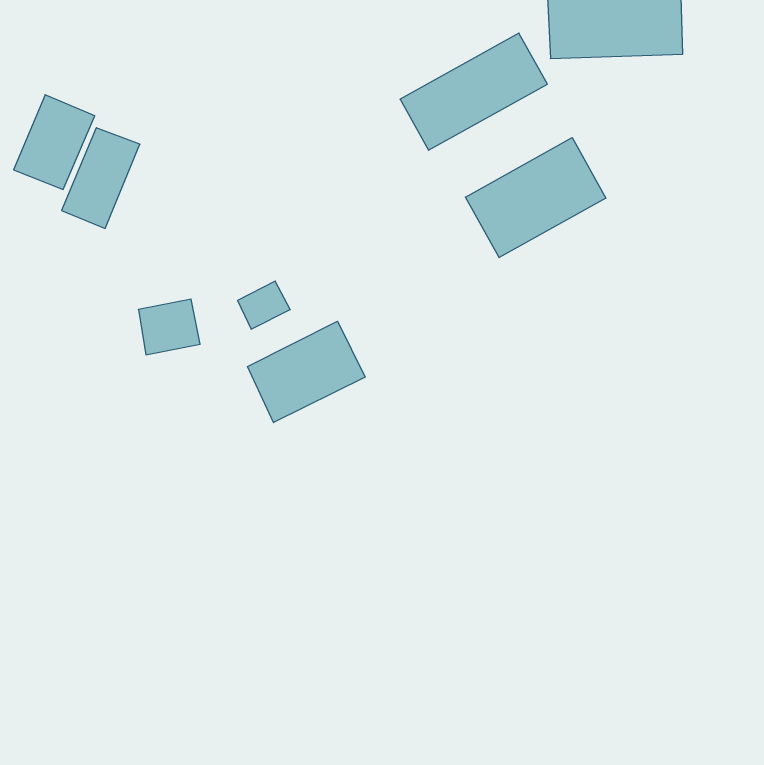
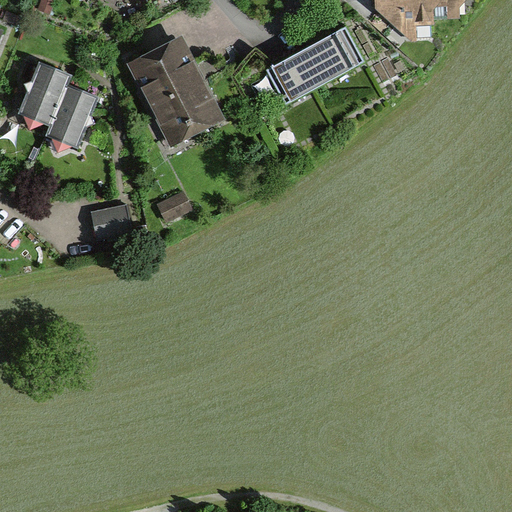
building: none -> [130,43,219,147]
building: [465,138,606,258] -> none
building: [247,321,365,423] -> none

